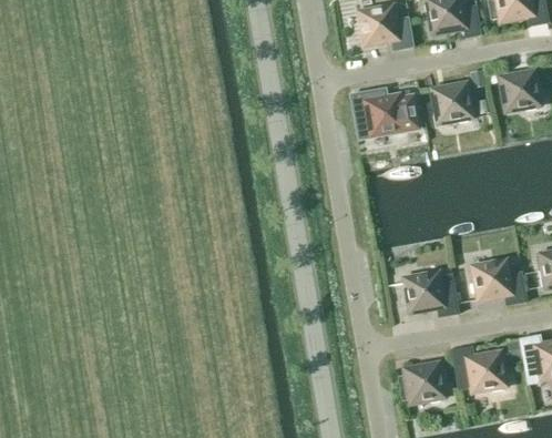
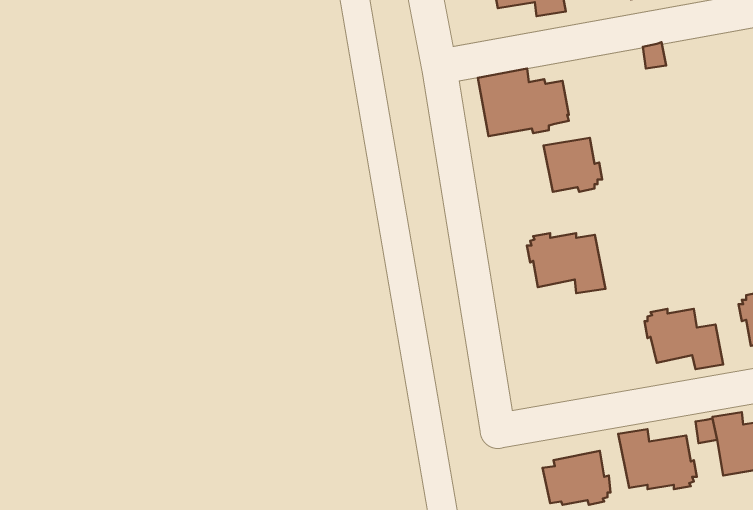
building: [501,70,543,109] -> none
building: [433,82,476,121] -> [544,138,602,192]
building: [403,272,460,315] -> [527,233,606,293]

